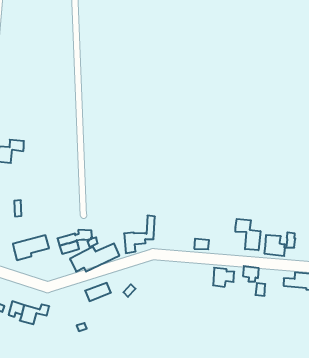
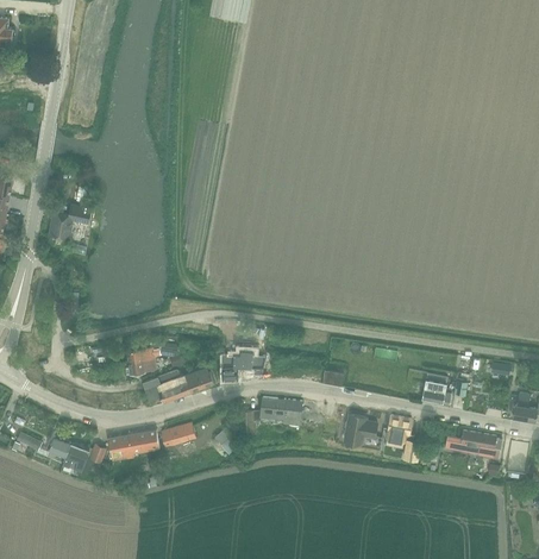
building: [235,219,260,250] -> none
building: [13,235,49,260] -> [108,428,159,460]
building: none -> [237,397,302,432]

